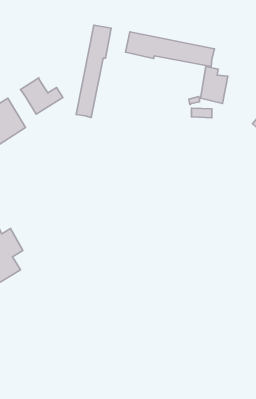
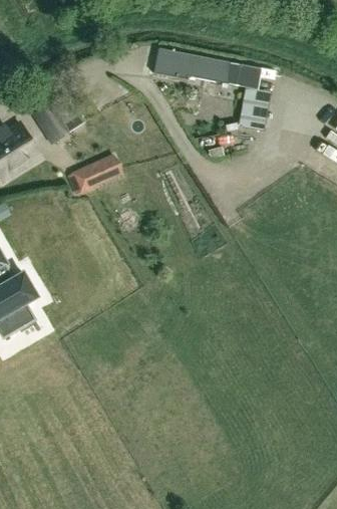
building: [76,25,111,117] -> none
building: none -> [71,159,106,191]

